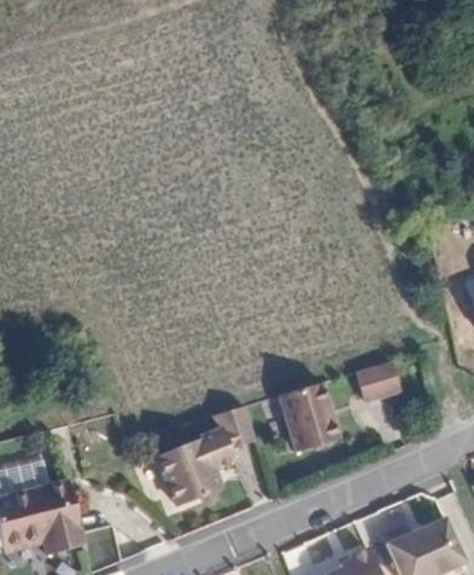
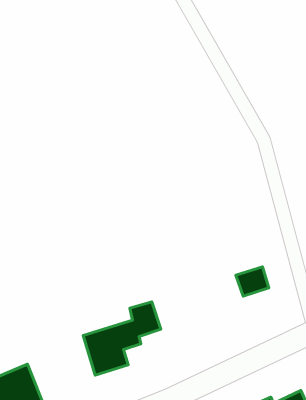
building: [279,381,339,449] -> none

